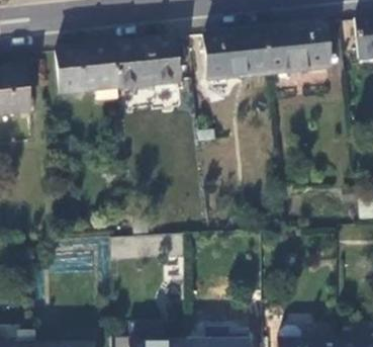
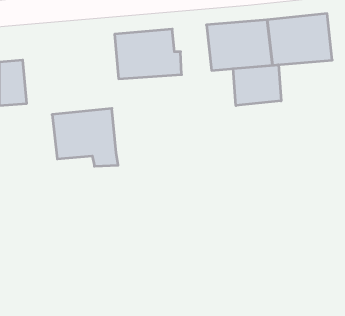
building: [57,44,121,100] -> [52,108,118,166]
building: none -> [233,65,281,106]

